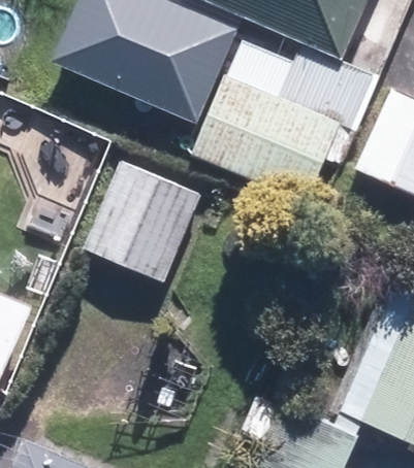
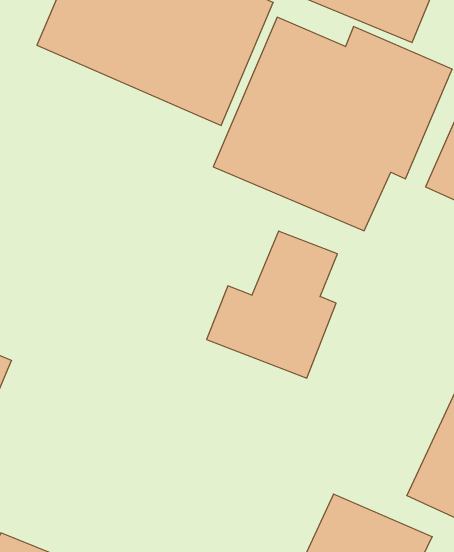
building: [86,169,187,282] -> [207,231,337,378]

